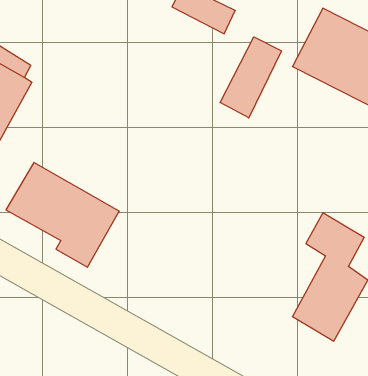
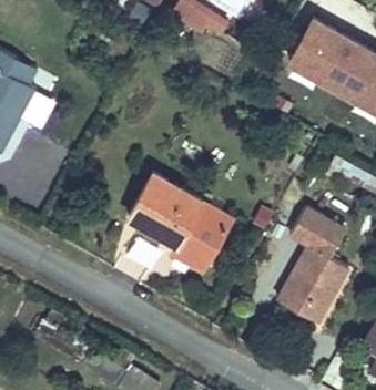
building: [220,37,282,118] -> none
building: [6,162,119,267] -> [122,175,225,270]

